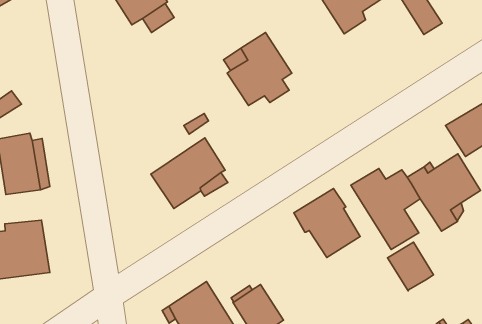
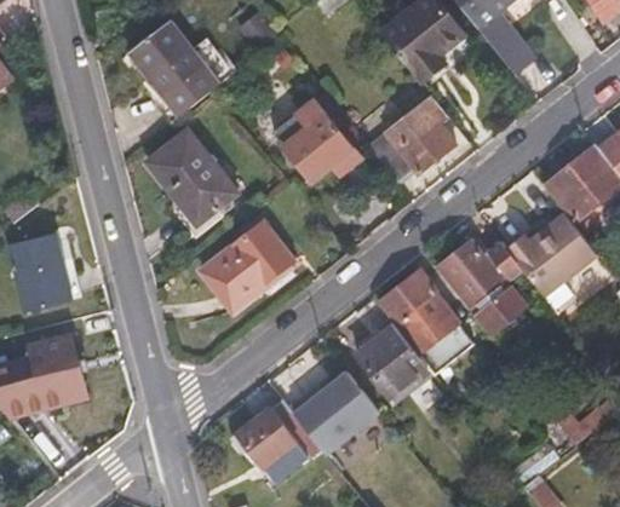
building: none -> [364,97,453,184]
building: none -> [148,128,239,225]
building: none -> [356,325,426,397]
building: [387,242,433,291] -> none

